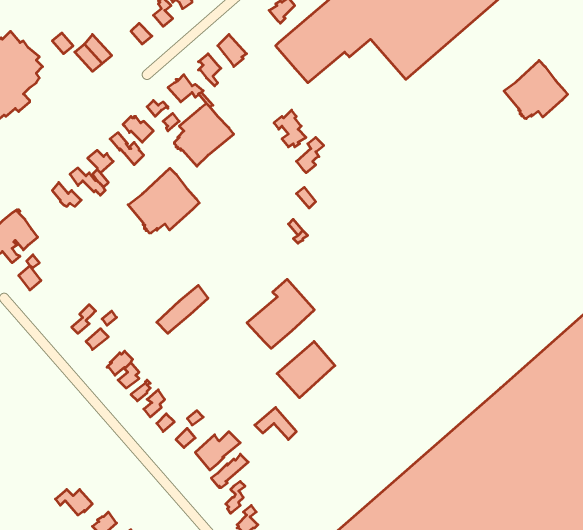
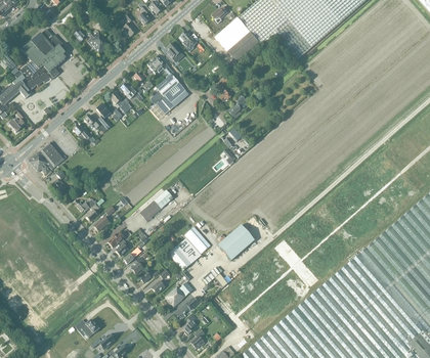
building: [504,60,568,119] -> none
building: [128,168,199,233] -> none
building: [247,279,314,348] -> [167,226,210,270]

